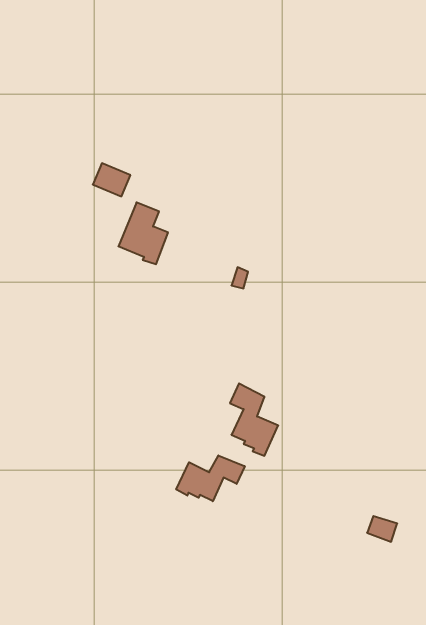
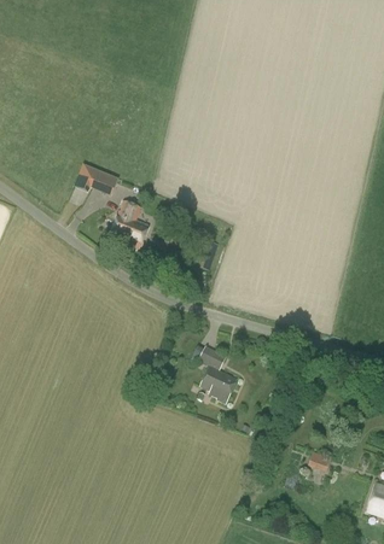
building: [176,455,245,501] -> none

